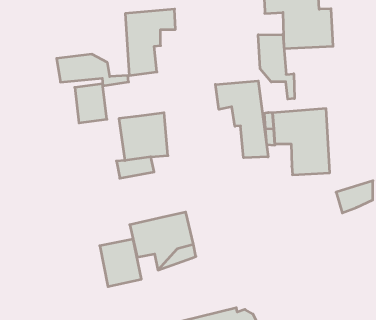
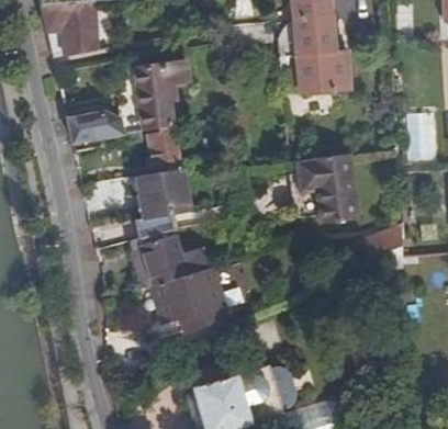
building: [258,34,294,99] -> none
building: [215,81,268,158] -> none
building: [75,84,107,123] -> [147,132,182,173]
building: [100,239,141,287] -> [143,235,188,285]

